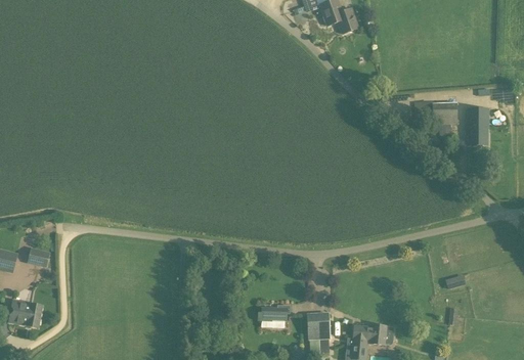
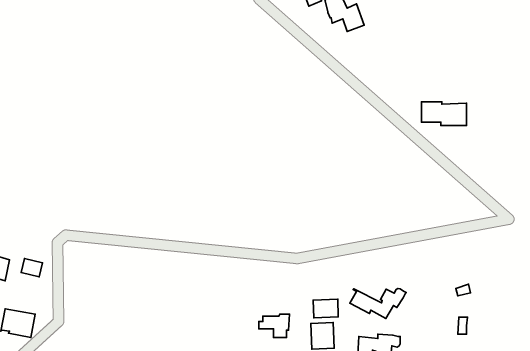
building: [466,108,485,144] -> none
building: none -> [350,289,406,318]
building: none -> [313,299,338,318]

